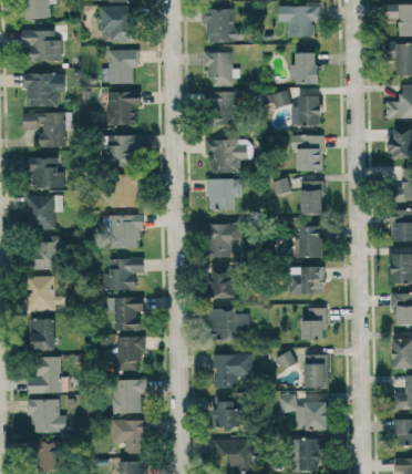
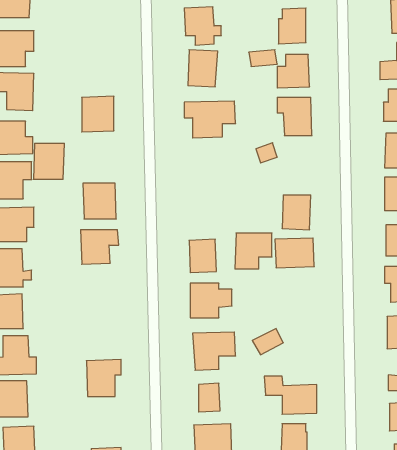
building: [106,50,140,84] -> none
building: [109,91,141,124] -> none
building: [111,174,140,207] -> [33,143,64,179]
building: [207,178,241,209] -> none
building: [301,181,322,215] -> none
building: [208,224,243,257] -> [235,233,272,269]
building: [114,297,143,331] -> none
building: [302,307,327,339] -> none
building: [117,336,145,370] -> none
building: [305,354,327,388] -> none
building: [112,420,147,453] -> none

